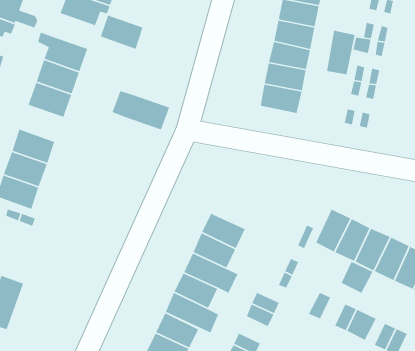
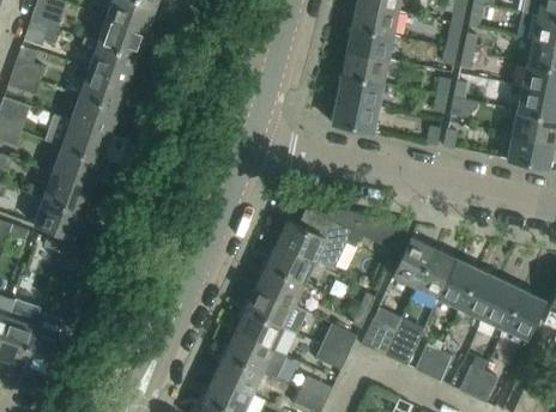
building: [100,14,144,50] -> [98,18,147,57]
building: [326,30,356,75] -> none
building: [111,90,170,131] -> [46,116,111,162]
building: none -> [277,208,352,268]
building: [340,261,373,294] -> [362,319,399,356]

